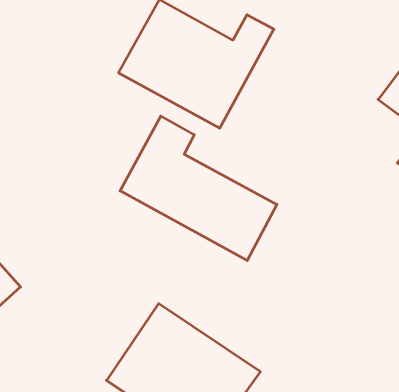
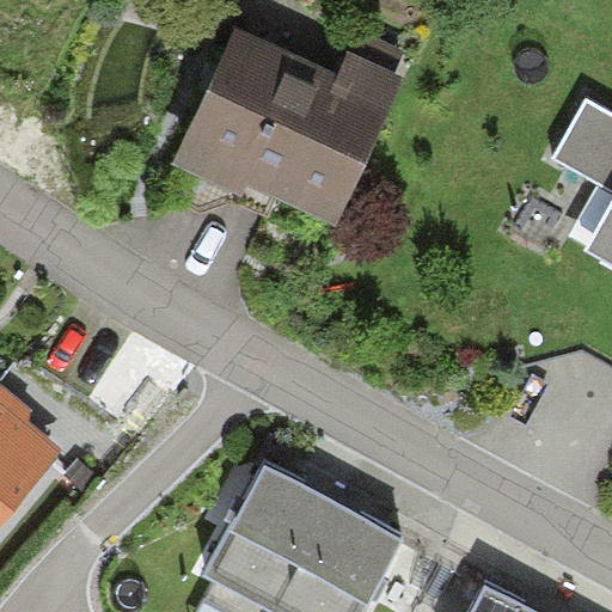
building: [120,116,277,261] -> none

